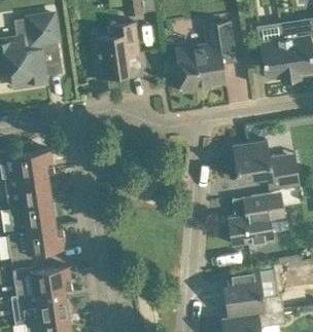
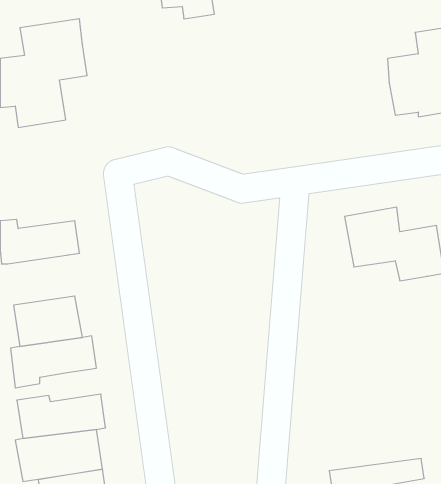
building: [177,23,236,93] -> none
building: [92,24,139,78] -> none
building: [6,173,51,207] -> none
building: [229,192,285,247] -> none
building: [222,267,284,318] -> none

